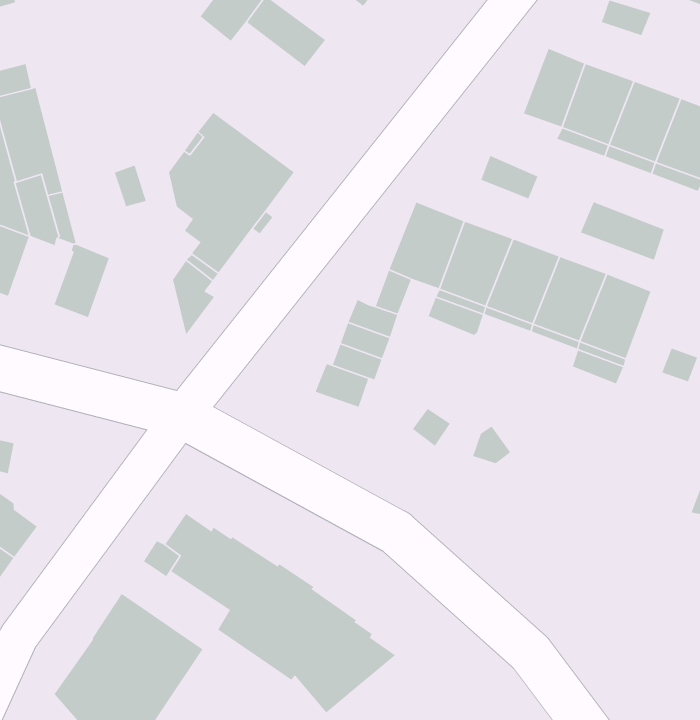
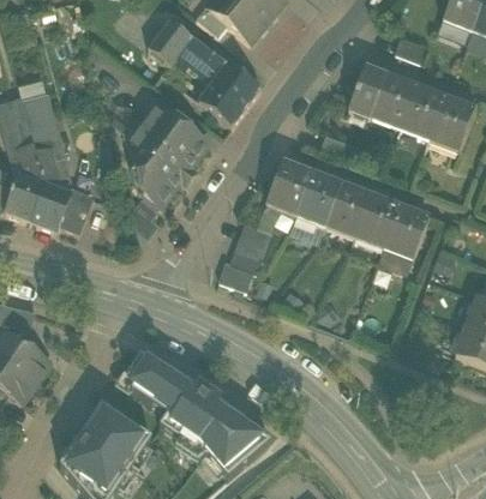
building: none -> [199,61,262,125]
building: [580,201,665,261] -> none
building: none -> [32,182,72,229]

